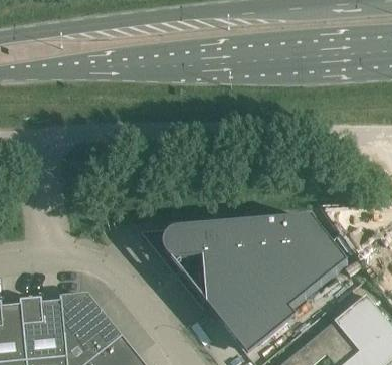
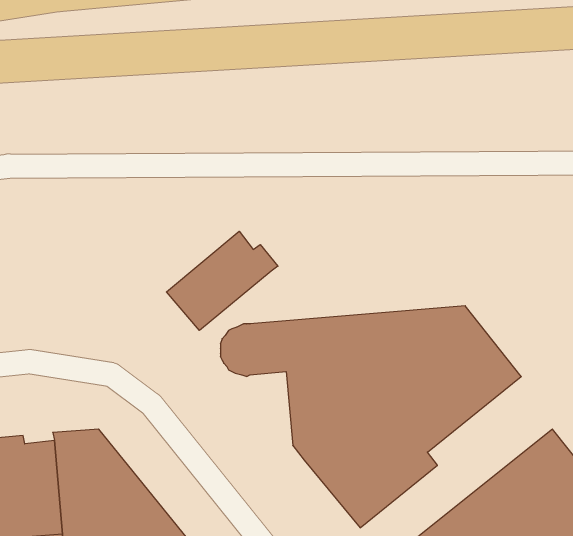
building: none -> [166,231,278,330]

